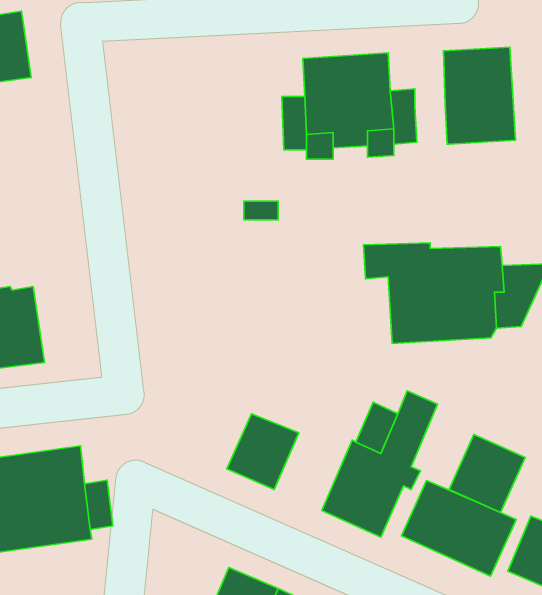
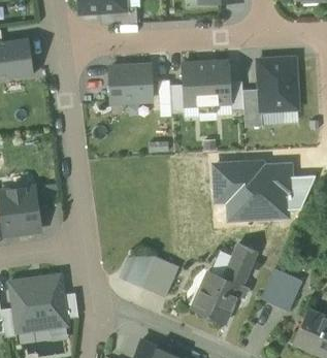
building: none -> [108,66,152,101]
building: none -> [242,89,262,126]
building: none -> [120,257,154,287]
building: [402,480,516,576] -> none

